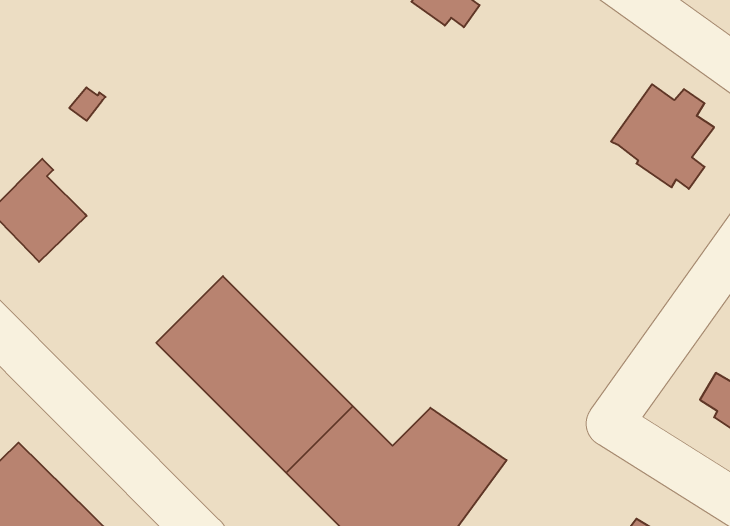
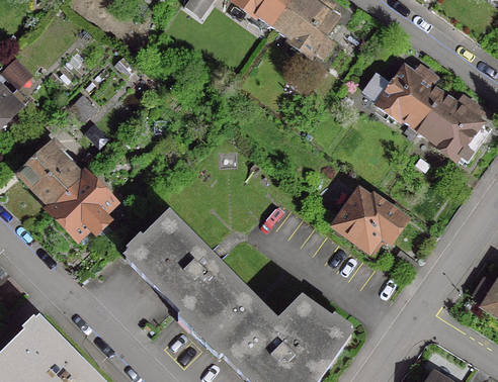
building: none -> [372,65,443,129]
building: none -> [49,174,113,238]
building: none -> [335,191,406,249]

